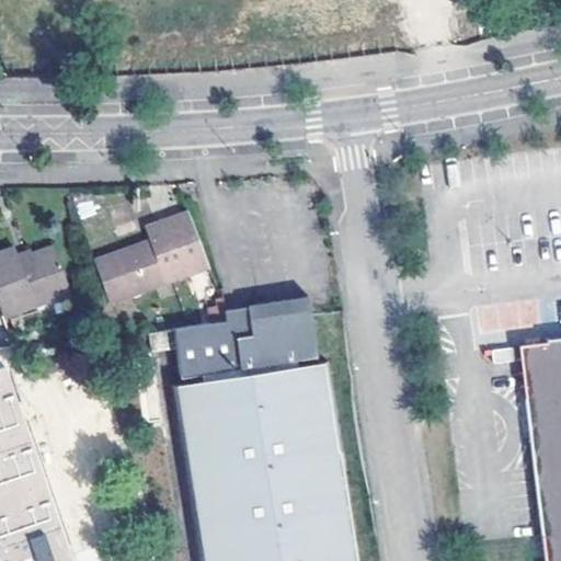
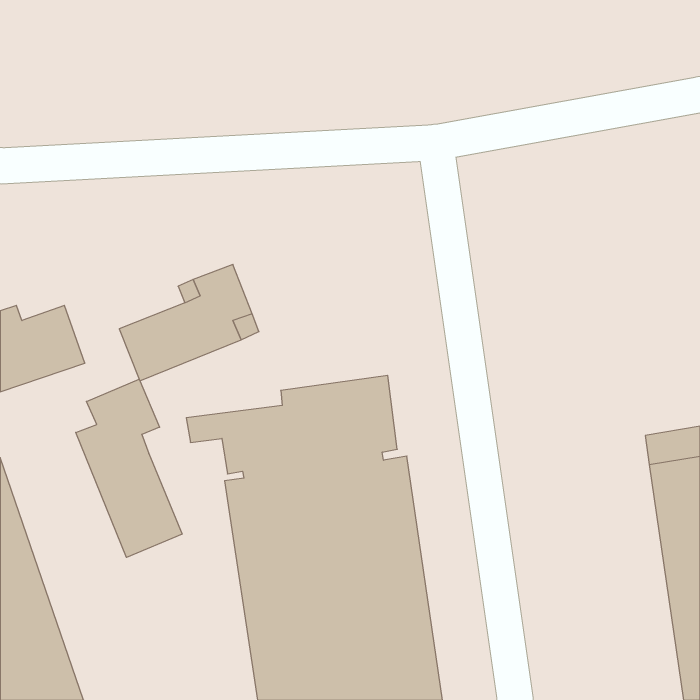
building: none -> [76,379,182,557]

